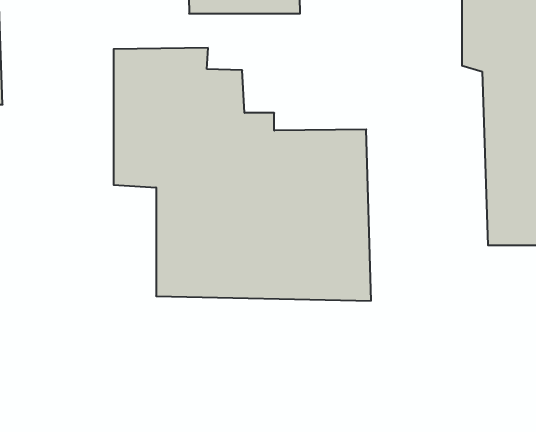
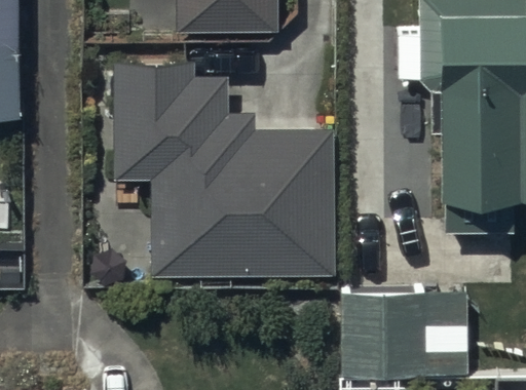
building: none -> [341,286,464,365]

